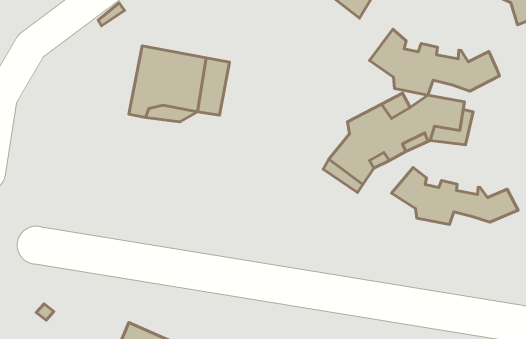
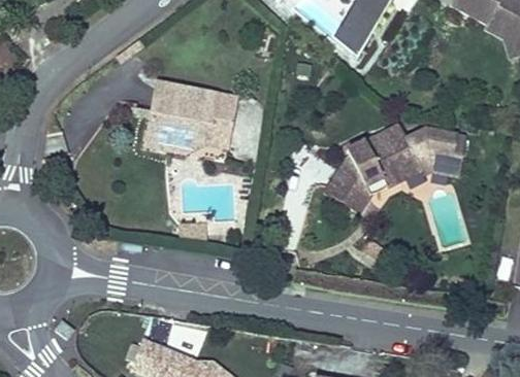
building: [369,29,500,95] -> none
building: [392,167,518,225] -> none

